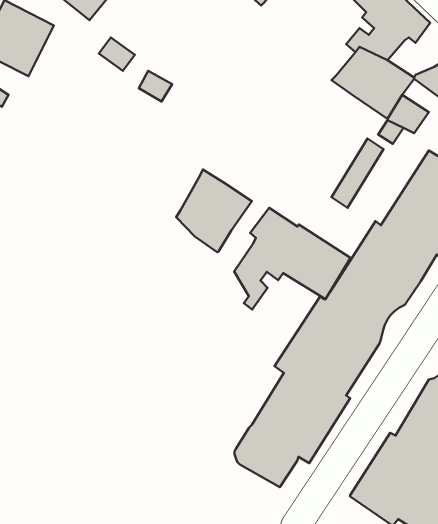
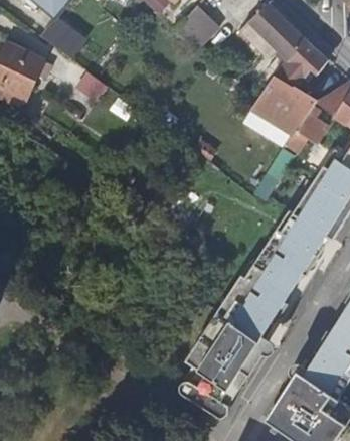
building: [176,170,252,252] -> none
building: [234,208,351,310] -> none

